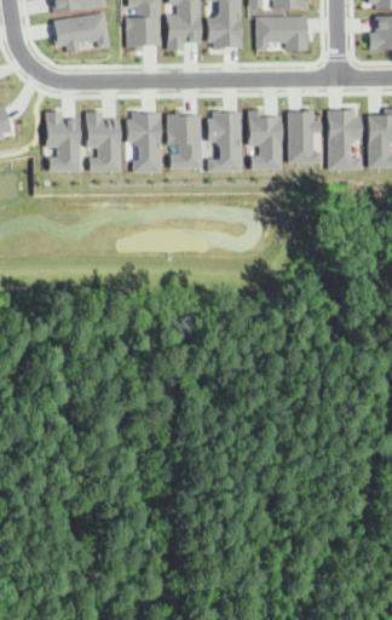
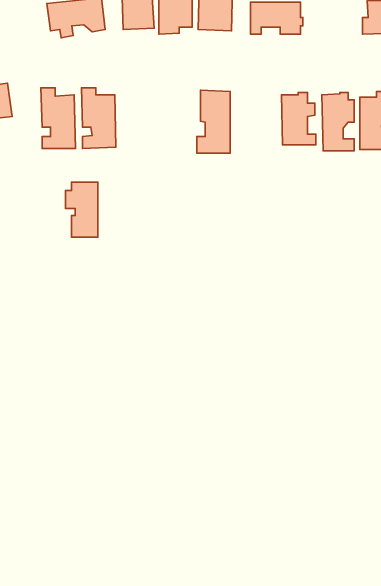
building: [248,110,284,170] -> none
building: [127,111,160,167] -> [66,182,98,237]
building: [168,115,203,170] -> none

